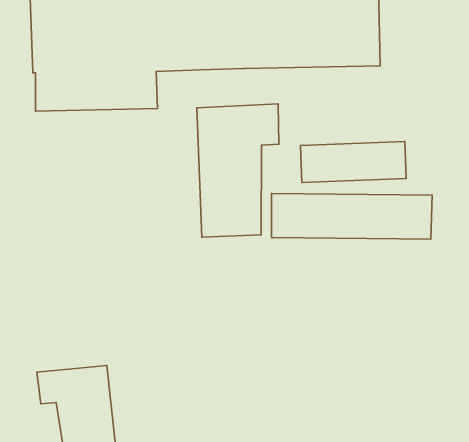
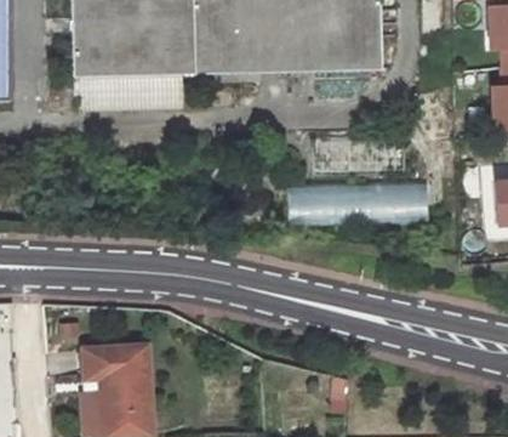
building: [197,104,279,237] -> none

